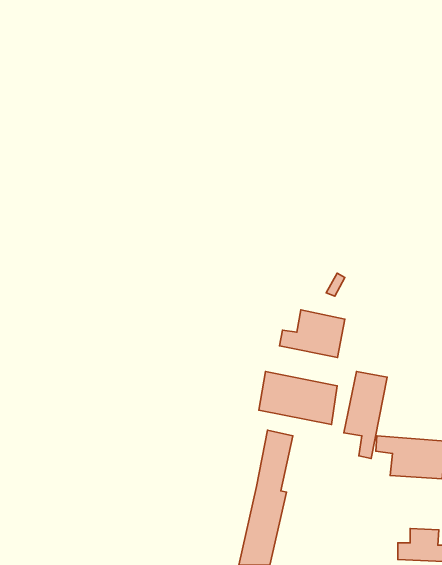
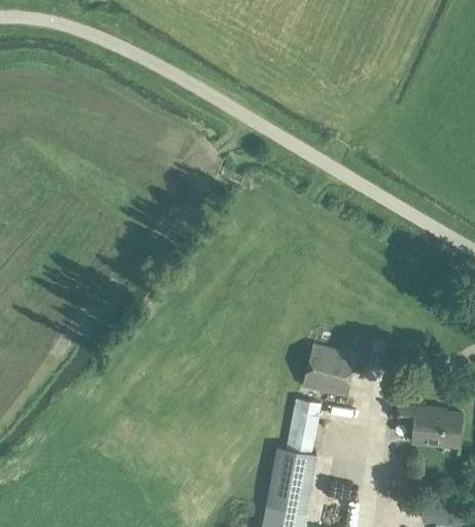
building: [279,310,345,357] -> none
building: [344,371,387,459] -> none

